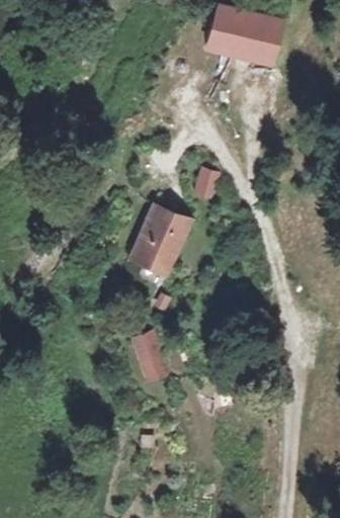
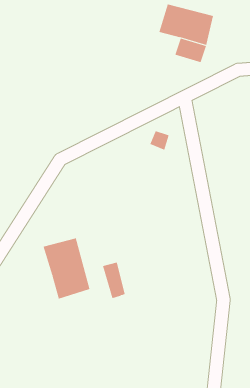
building: [134,202,193,271] -> none
building: none -> [43,238,90,300]

